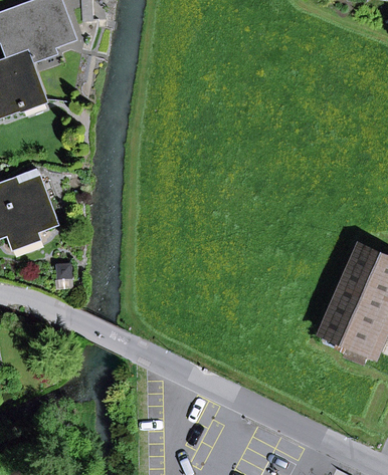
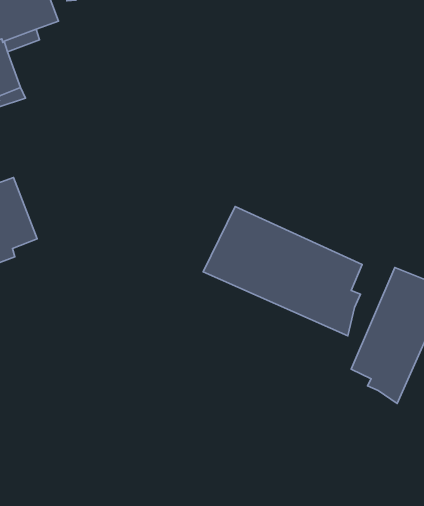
building: none -> [203,207,362,336]

